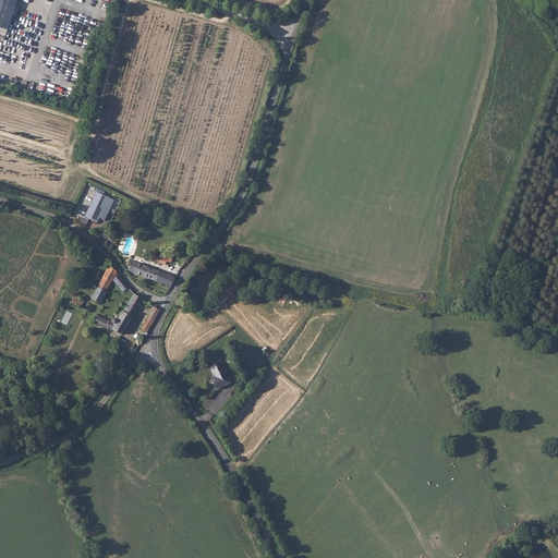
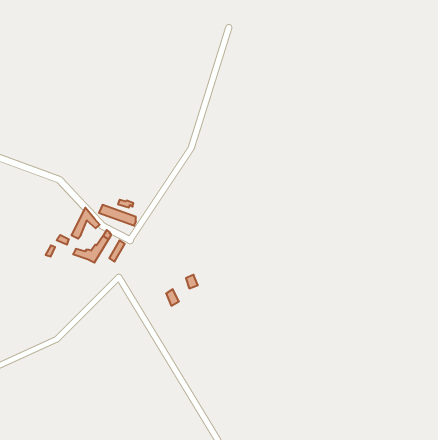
building: [84,191,111,221] -> none

